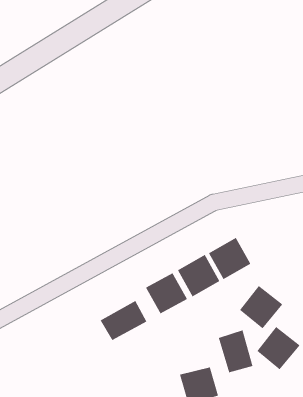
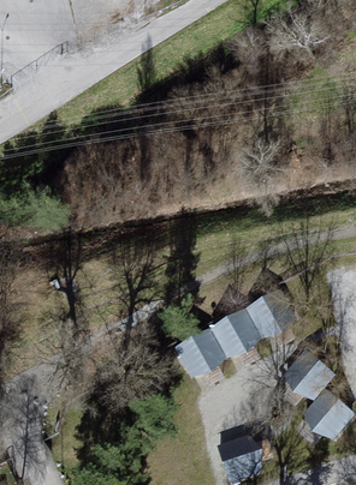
building: [100,300,147,341] -> none
building: [218,330,253,373] -> none

